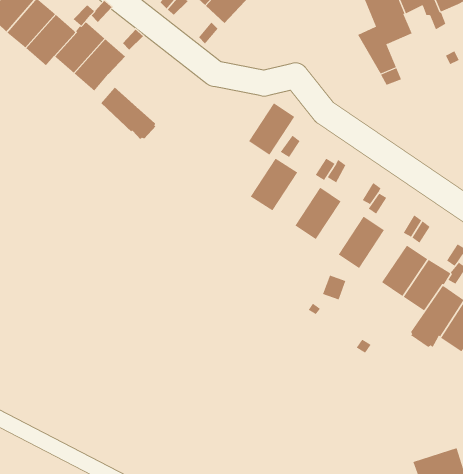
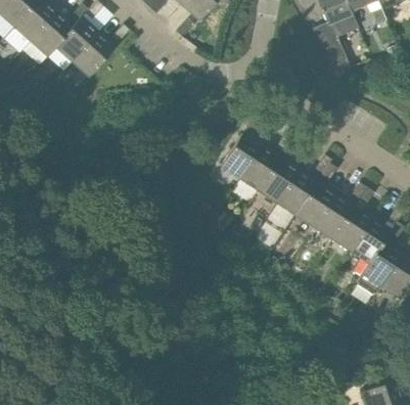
building: [100,87,156,140] -> none
building: [248,103,295,156] -> [238,147,278,192]
building: none -> [275,172,315,217]
building: none -> [312,196,352,240]

